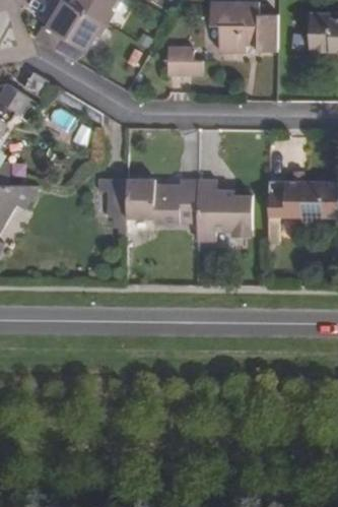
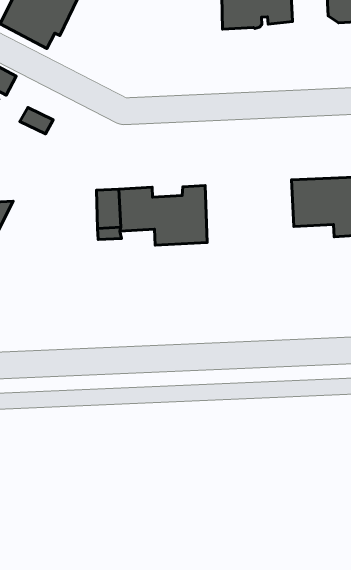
building: [168,47,203,75] -> none
building: [197,180,253,245] -> none

